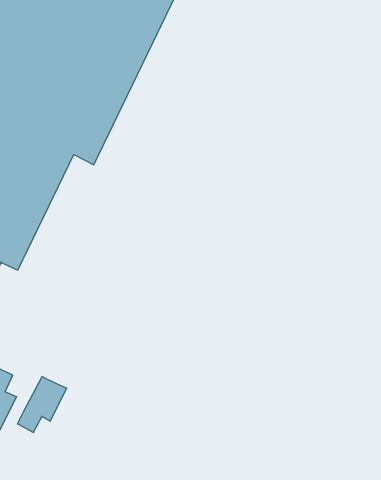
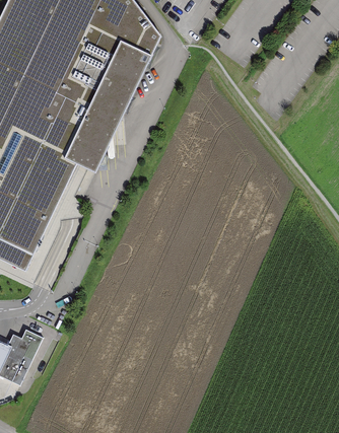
building: [17,377,67,433] -> none

